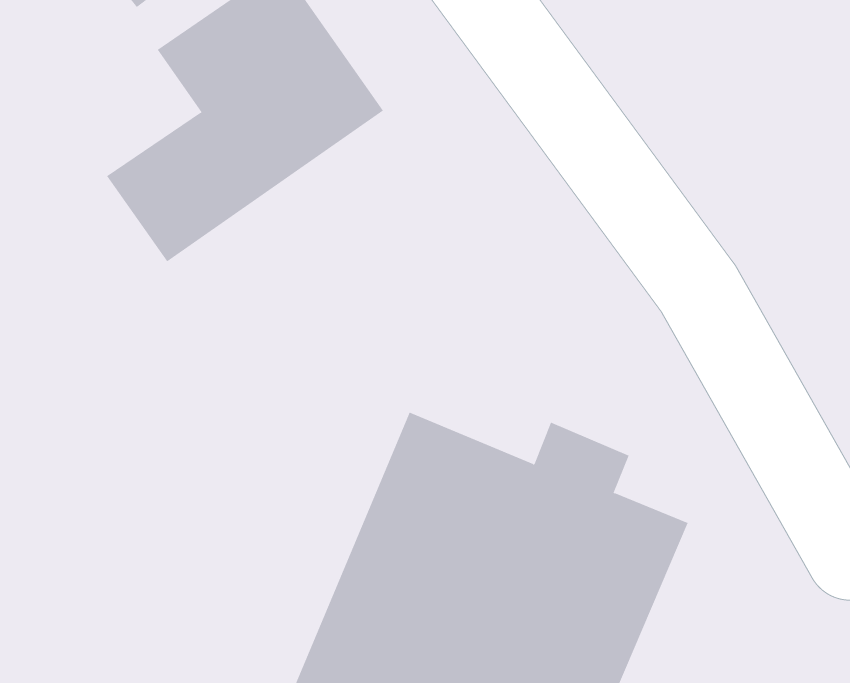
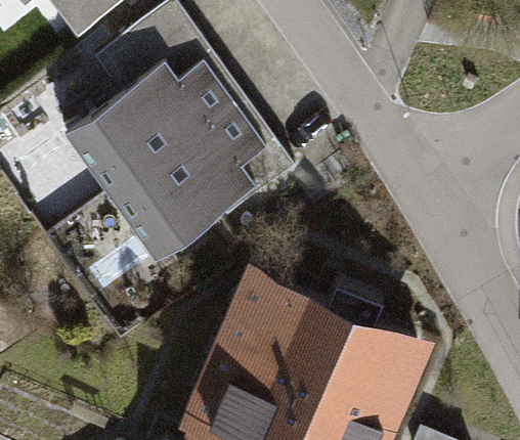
building: none -> [103,91,291,261]

